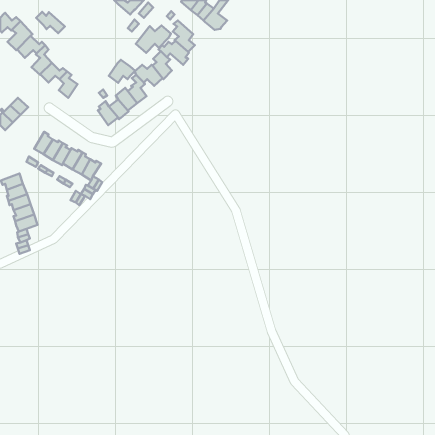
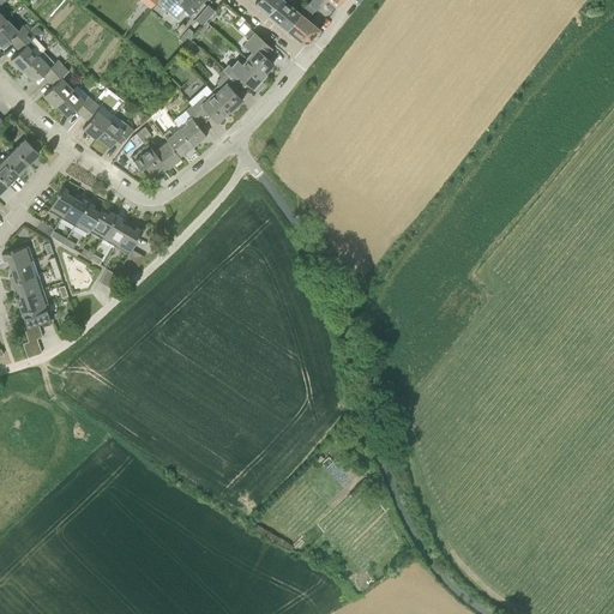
building: [36,12,65,33] -> none
building: [136,25,171,53] -> none
building: [109,60,135,83] -> [97,114,134,146]

